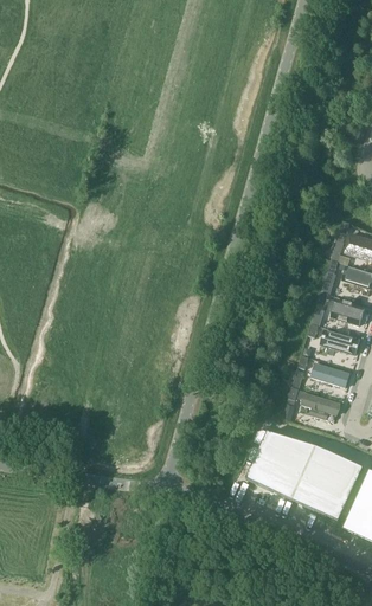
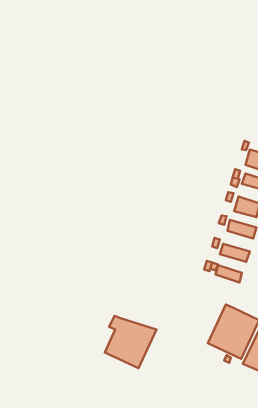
building: [246,426,318,498] -> [105,316,156,368]

